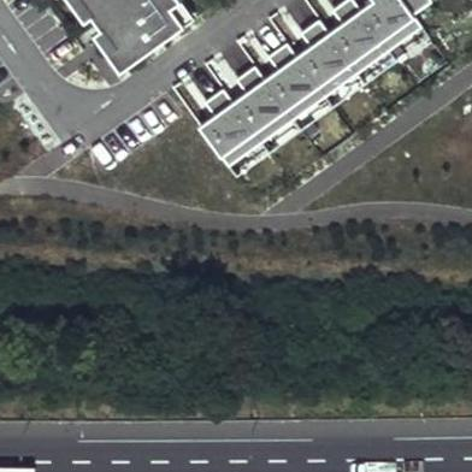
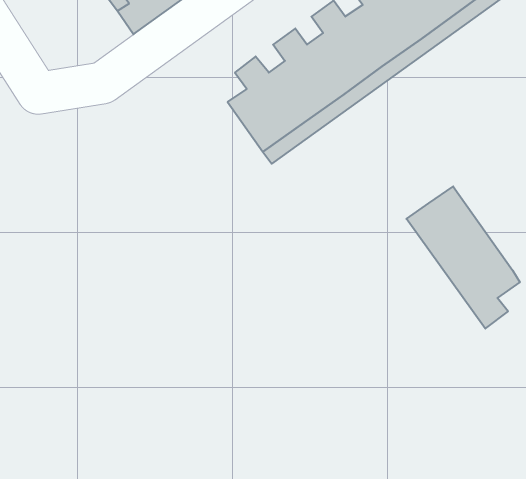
building: none -> [406,186,520,329]

